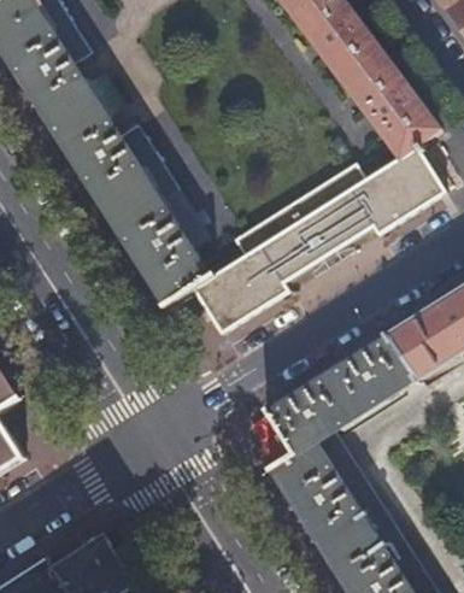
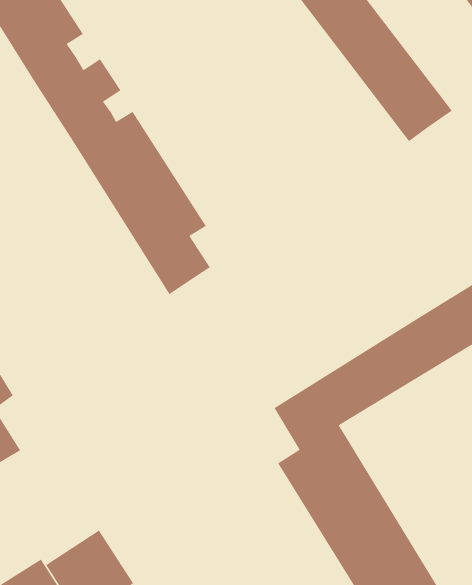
building: [192,145,445,331] -> none

